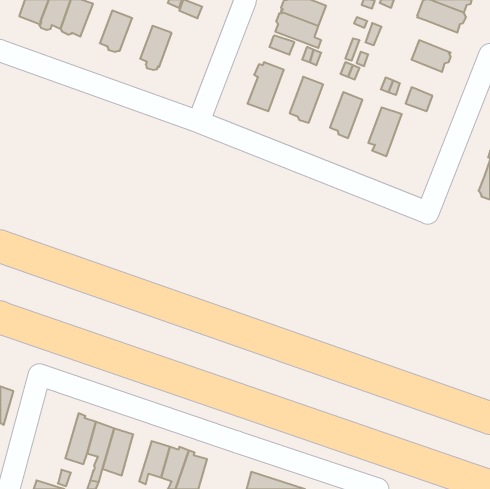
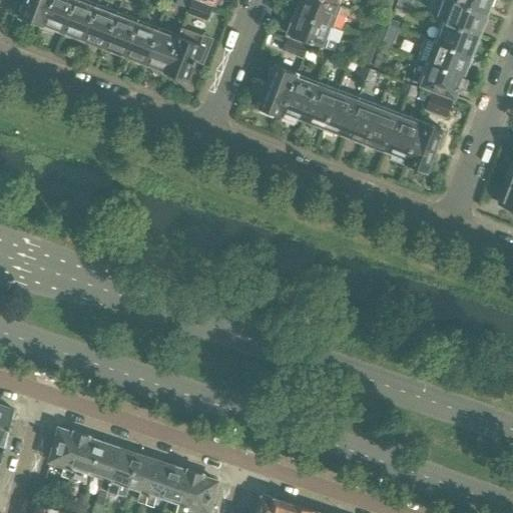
building: none -> [84,4,117,45]
building: none -> [125,19,159,62]
building: none -> [438,21,478,55]
building: none -> [164,27,207,80]
building: none -> [412,59,463,96]
building: none -> [281,73,317,121]
building: none -> [323,88,359,133]
building: none -> [364,104,399,149]
building: none -> [404,119,444,171]
building: none -> [50,427,82,476]
building: none -> [130,454,158,503]

